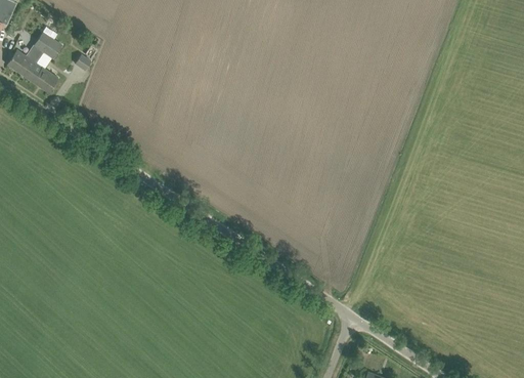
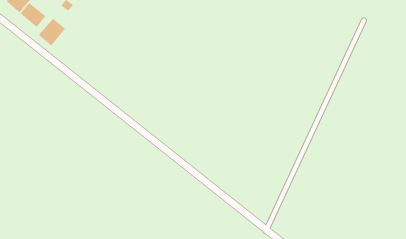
building: none -> [38,18,66,47]

